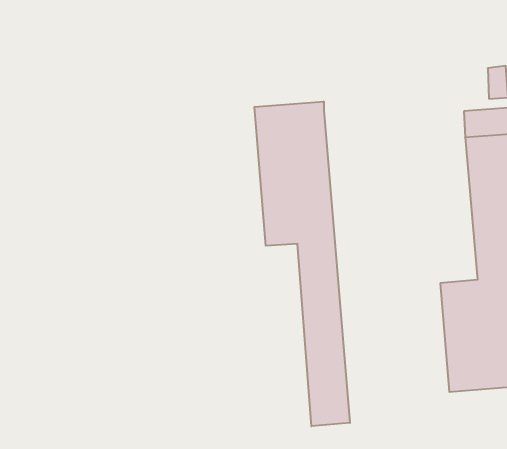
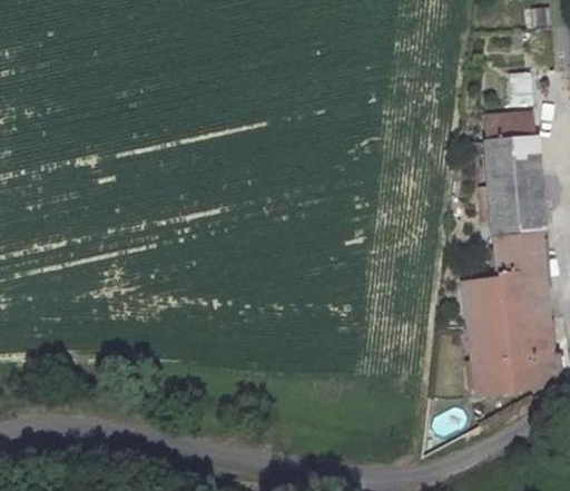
building: [255,101,350,426] -> none

